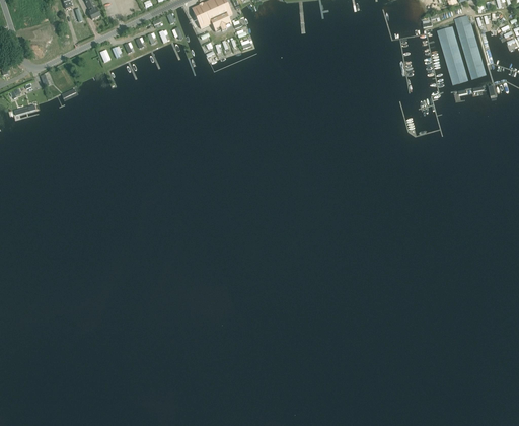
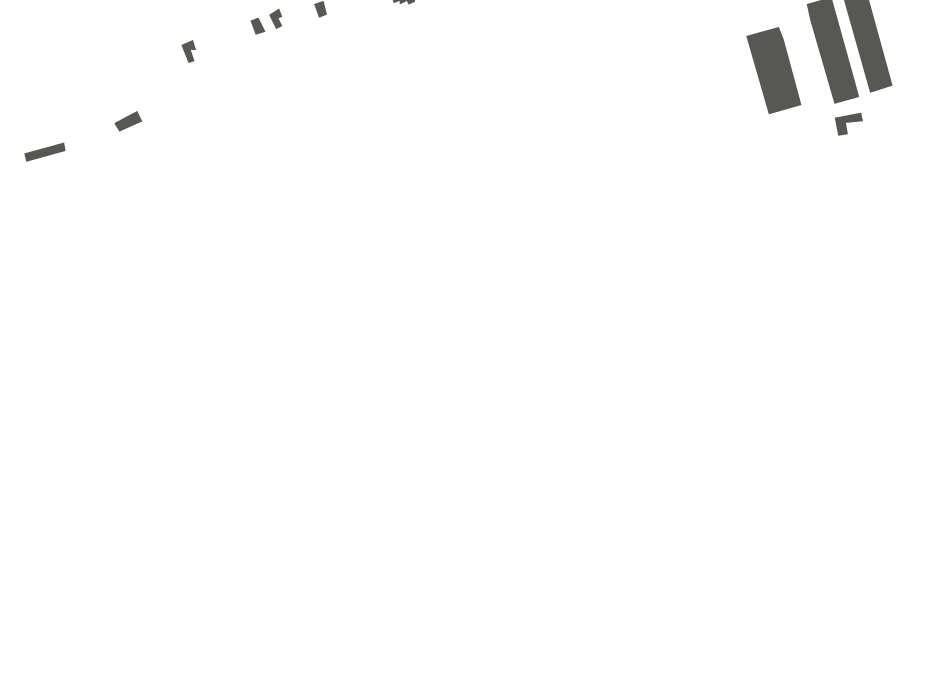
building: none -> [745,26,802,115]

